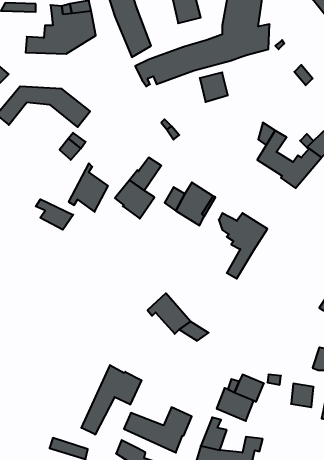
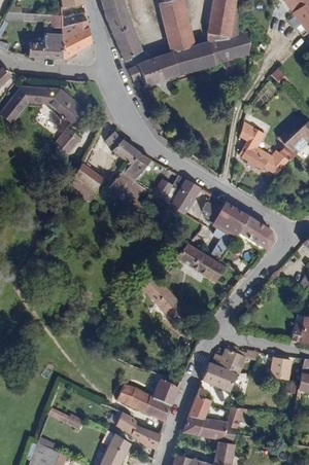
building: [200,72,228,102] -> [167,25,193,51]
building: none -> [106,131,140,165]
building: [36,199,73,230] -> none
building: none -> [236,217,273,249]
building: none -> [174,246,225,282]
building: [81,365,142,435] -> none

